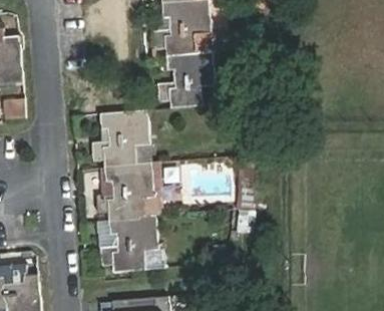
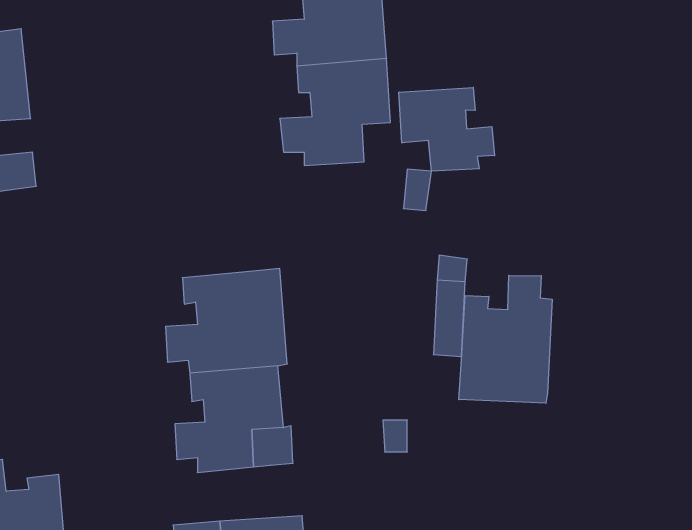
building: none -> [399,87,495,171]
building: [91,109,150,168] -> none
building: none -> [459,275,552,403]

